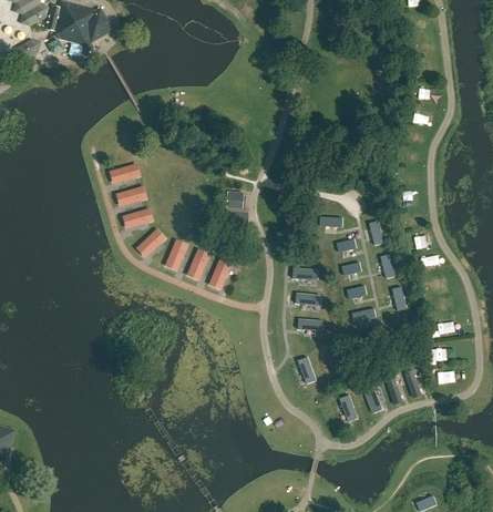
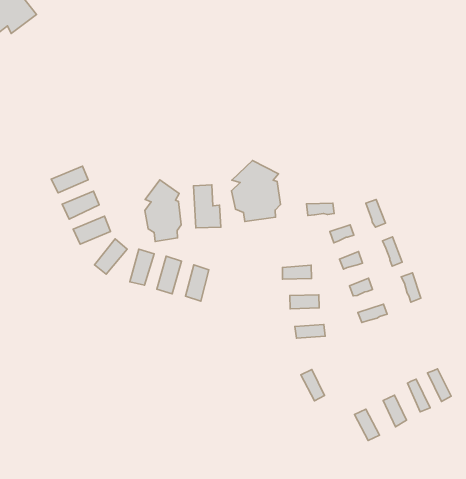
building: none -> [232,160,280,221]
building: none -> [145,180,181,242]

